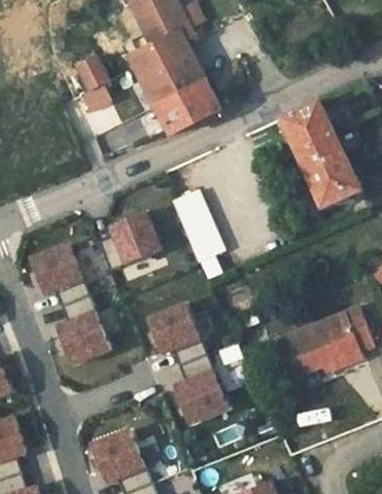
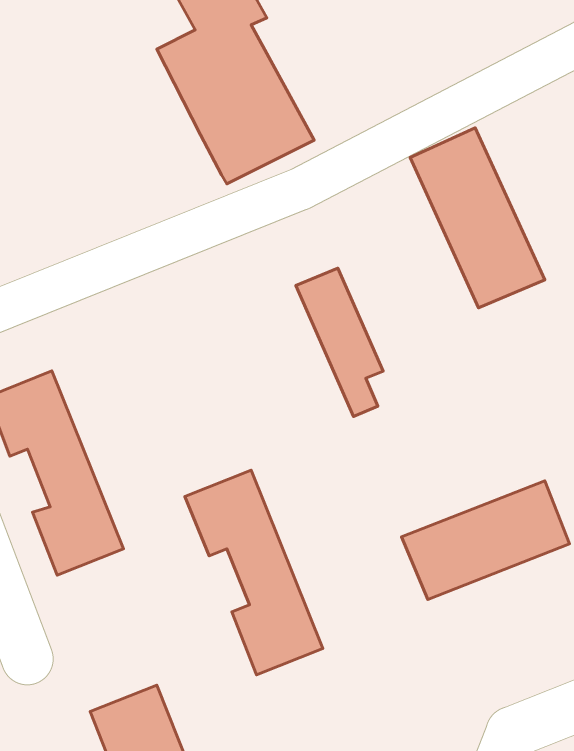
building: [78,56,109,111] -> none
building: [172,191,223,279] -> [296,268,383,417]
building: [99,213,158,271] -> none

